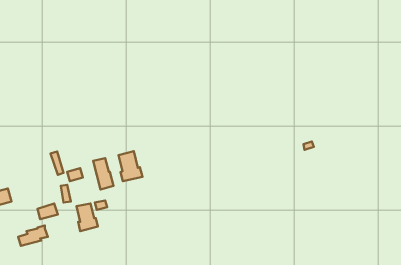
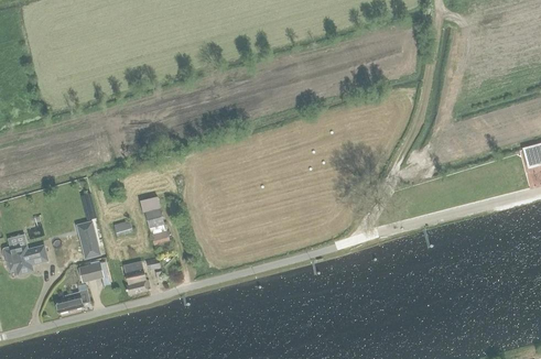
building: [119,151,143,181] -> none
building: none -> [76,220,99,257]

